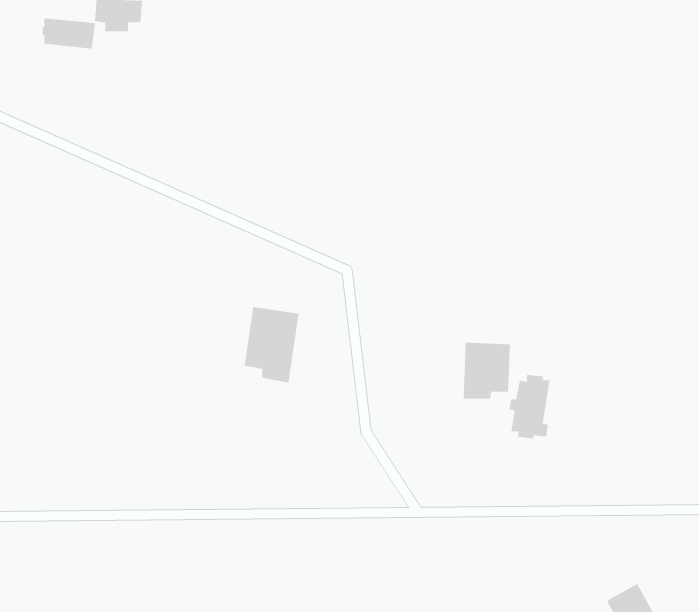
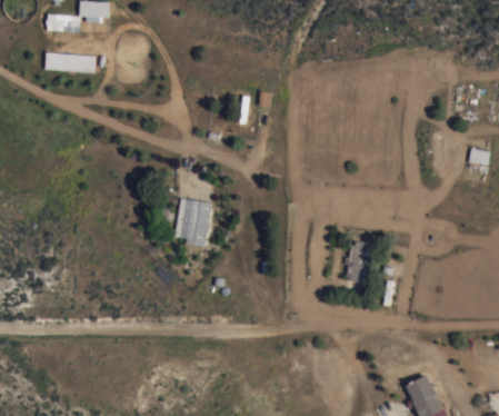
building: none -> [44,52,96,72]
building: [463,342,510,400] -> none

